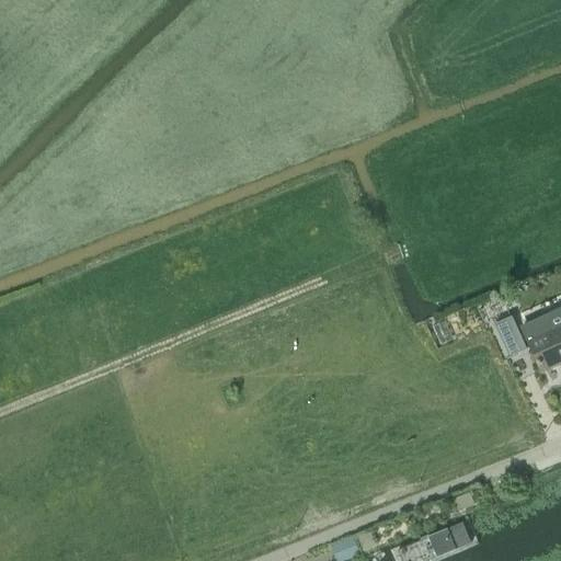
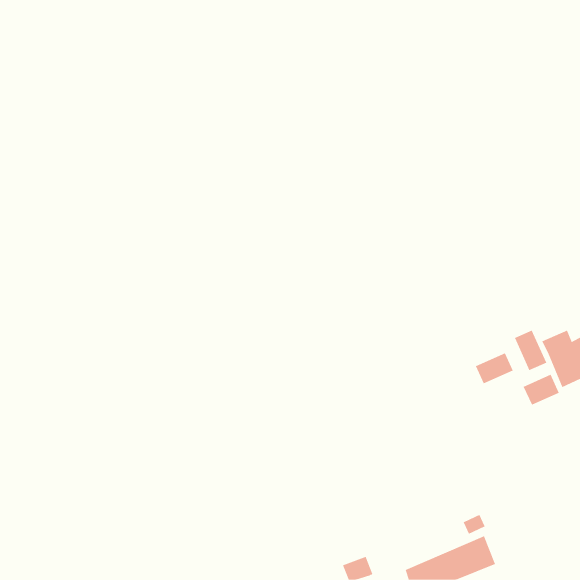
building: none -> [475,352,514,384]
building: none -> [523,374,560,406]

